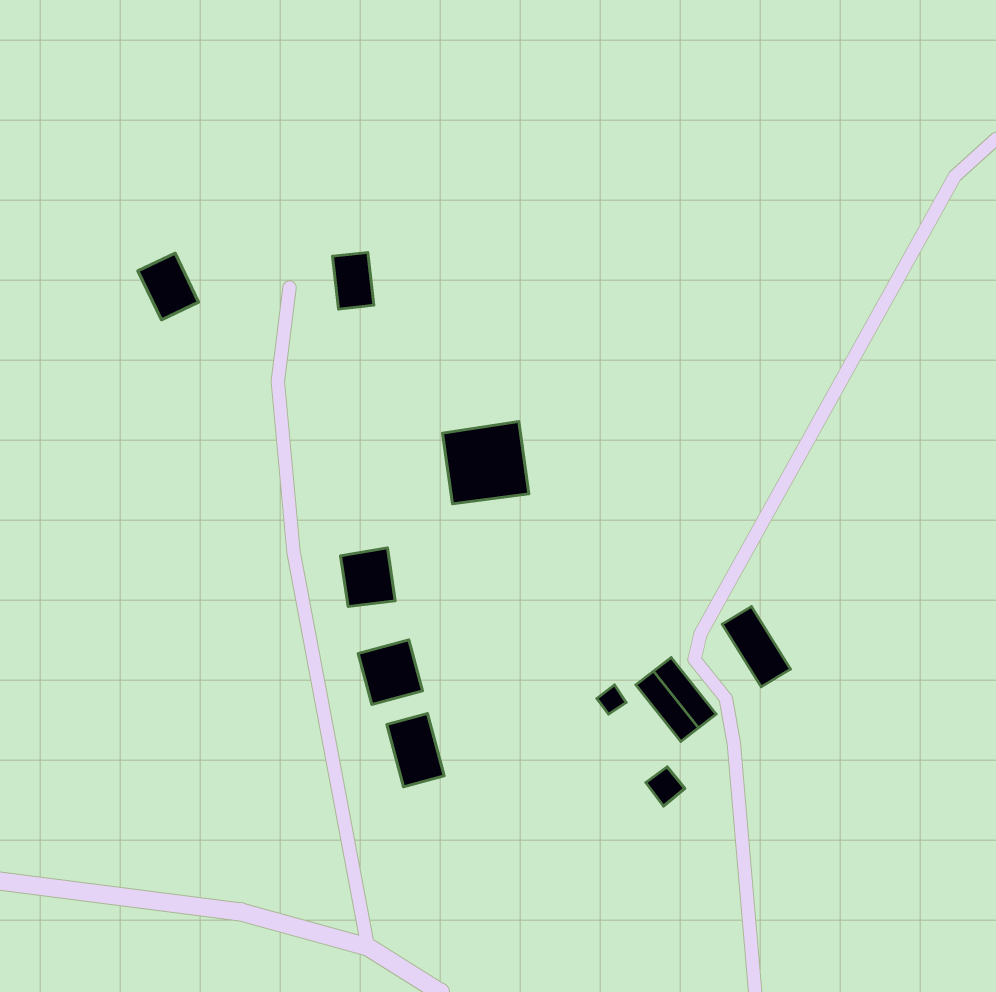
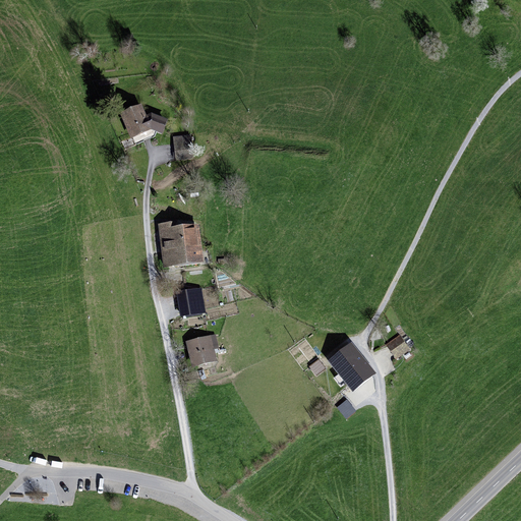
building: [138,253,199,320] -> [120,102,152,136]
building: [443,422,529,504] -> [159,224,204,267]
building: [387,714,444,787] -> none

